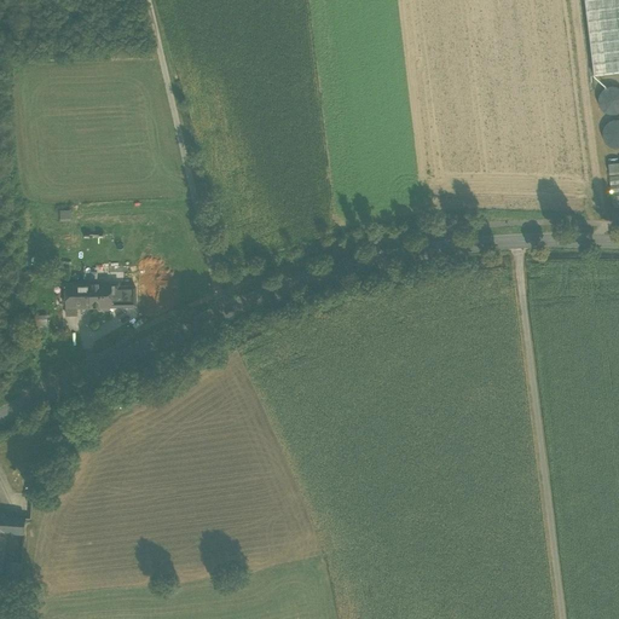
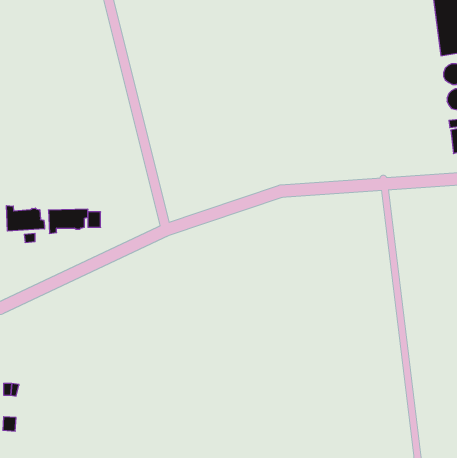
building: none -> [6,206,45,231]

